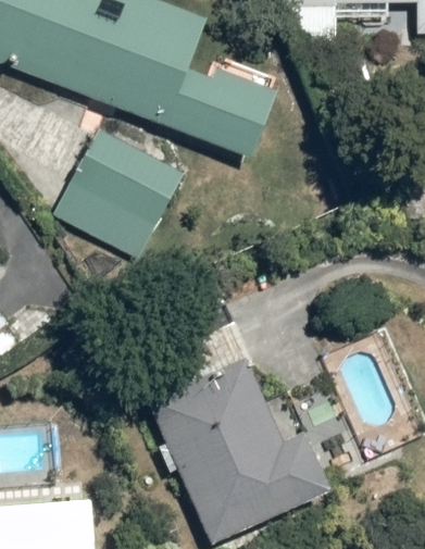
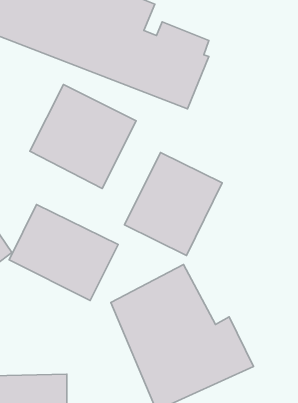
building: none -> [124,152,222,256]
building: none -> [9,204,118,300]

